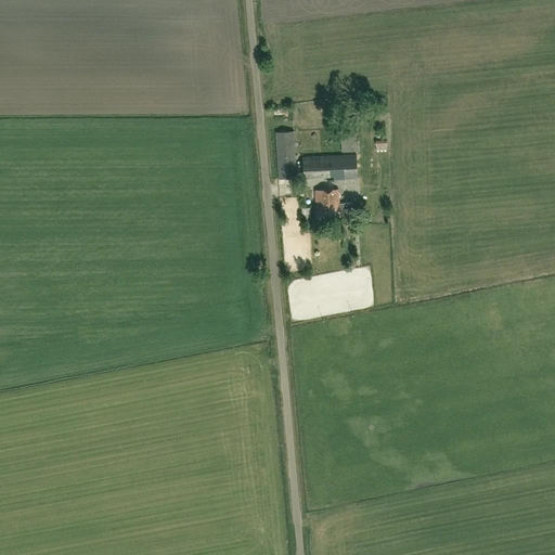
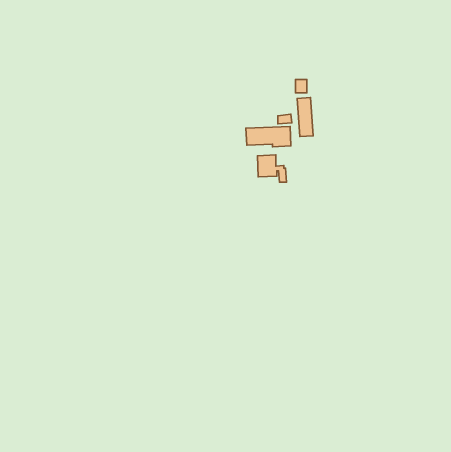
building: [275,131,295,179] -> [297,98,313,137]

